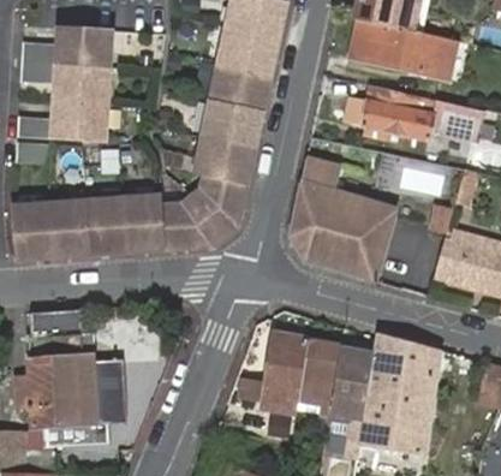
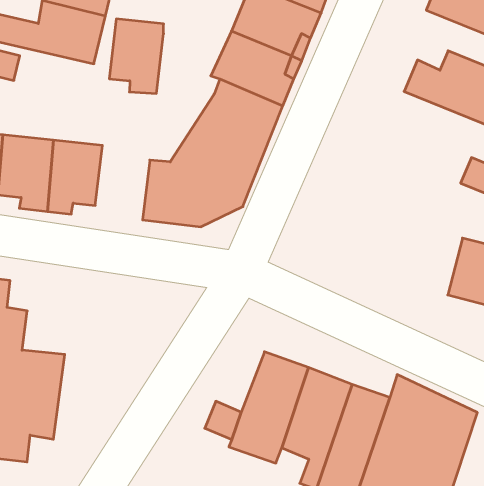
building: [288,156,395,282] -> none
building: [125,197,165,252] -> [109,19,164,93]

